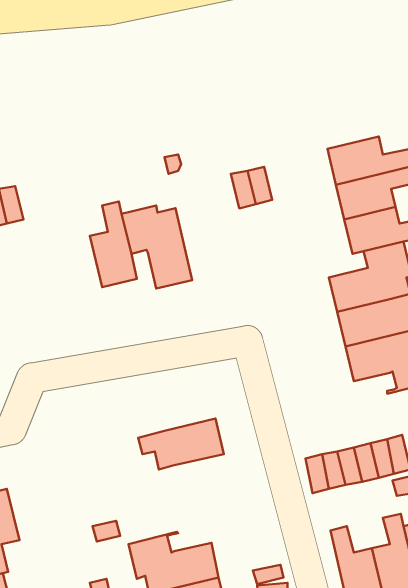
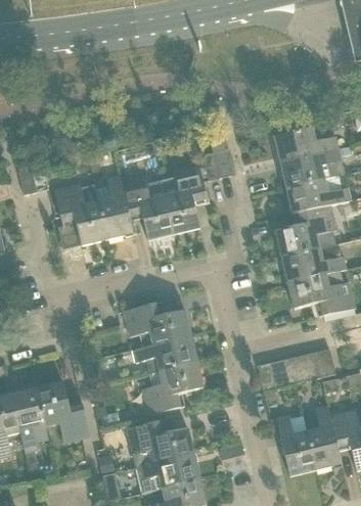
building: none -> [162,166,208,233]
building: none -> [54,184,107,245]
building: none -> [124,302,191,344]
building: none -> [143,362,204,414]
building: none -> [37,381,90,442]

